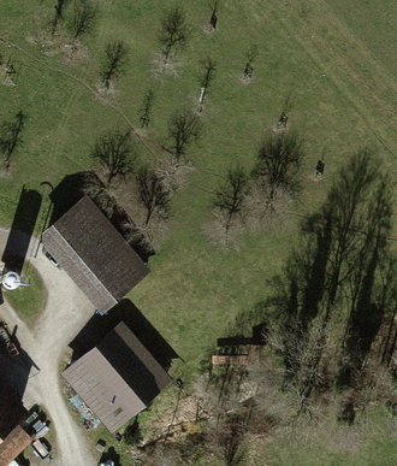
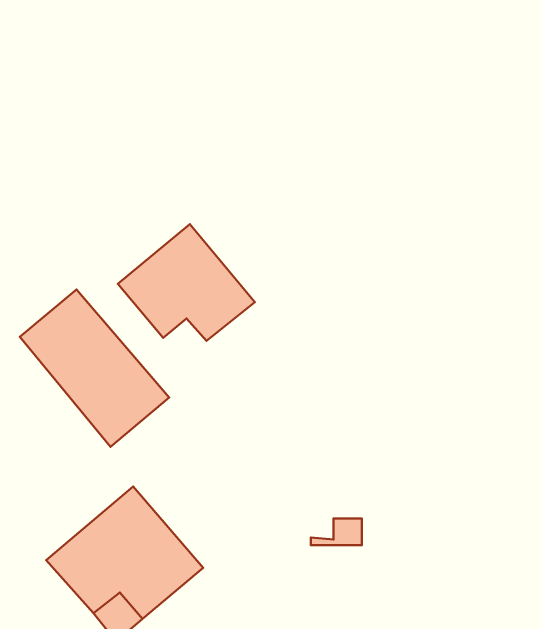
building: none -> [118,224,255,341]

